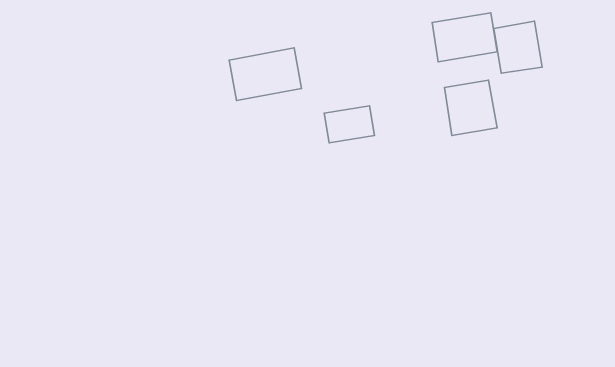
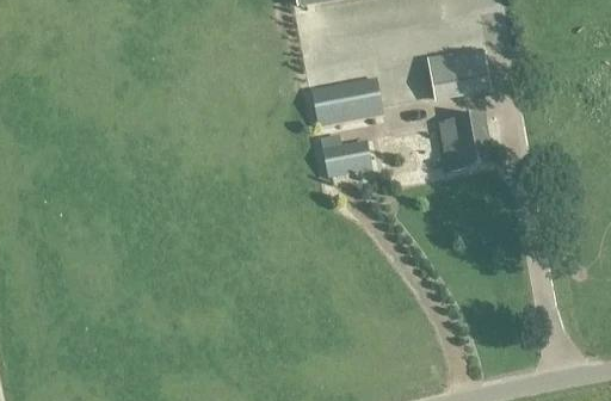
building: [494,21,542,73] -> none
building: [229,48,302,101] -> [313,72,383,123]

